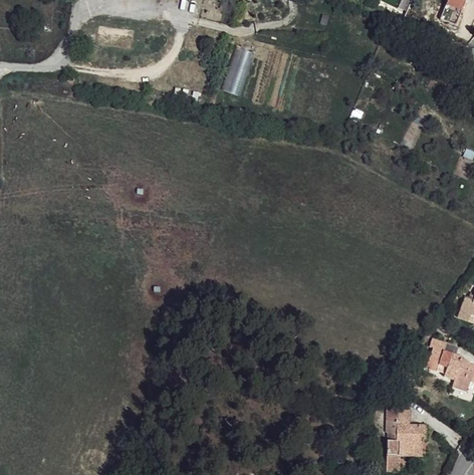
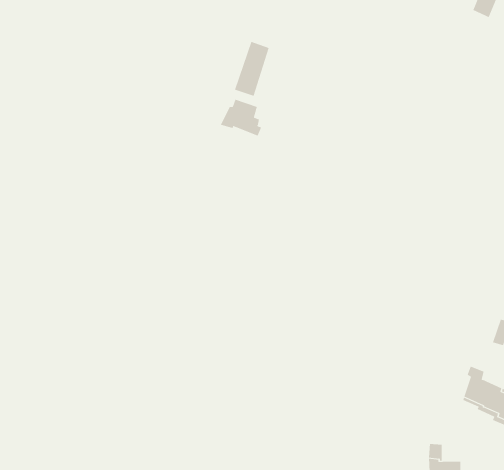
building: none -> [220,99,262,136]

